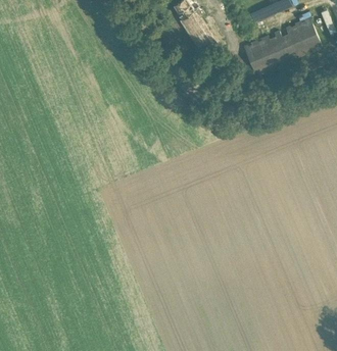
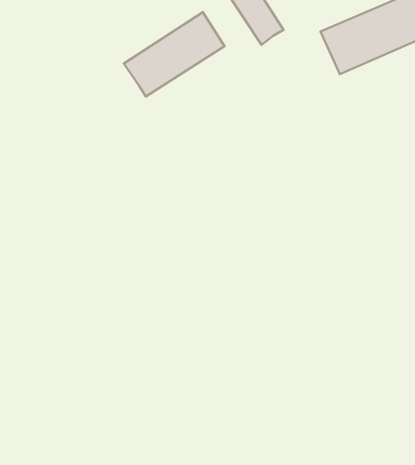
building: none -> [124,12,224,96]

